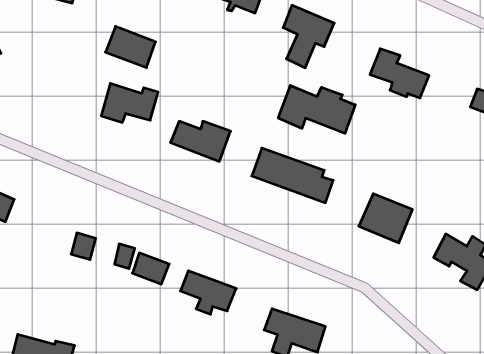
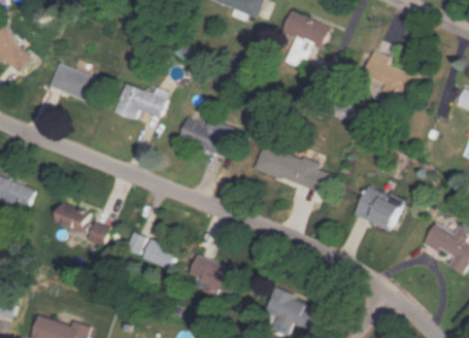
building: [105,26,156,68] -> [48,63,95,101]
building: [278,85,355,133] -> none
building: none -> [54,202,92,233]

